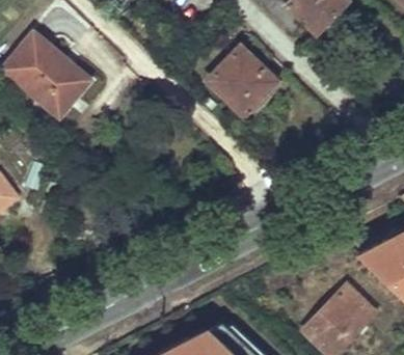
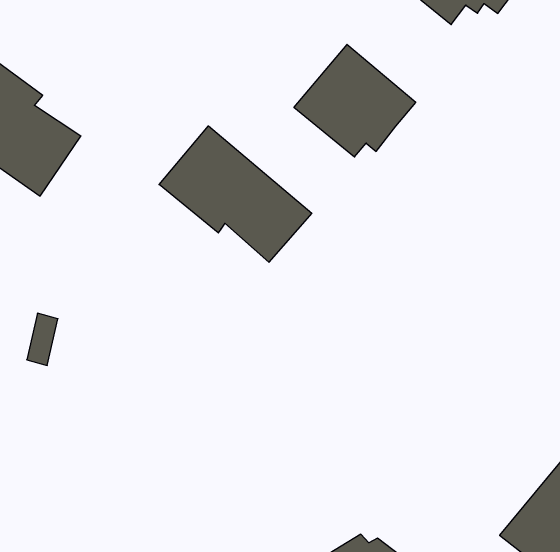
building: none -> [159,126,312,262]

